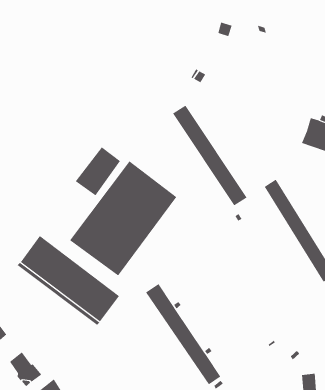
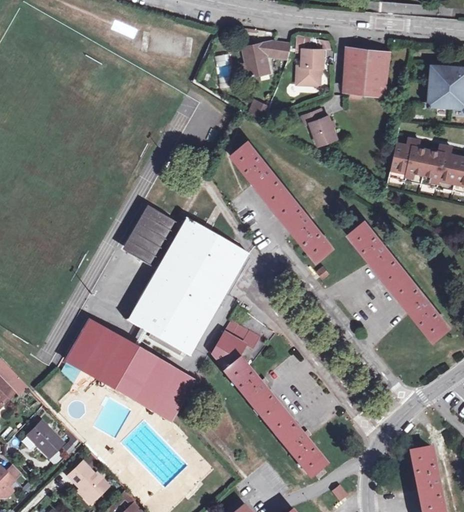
building: none -> [296,35,324,84]
building: none -> [246,41,272,72]
building: none -> [343,46,389,98]
building: none -> [302,108,336,144]
building: none -> [210,322,260,372]

